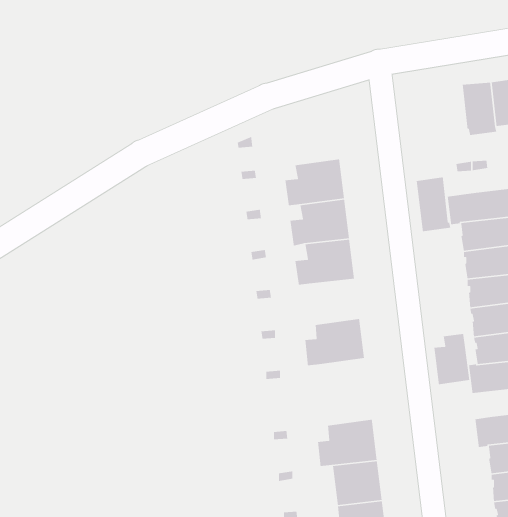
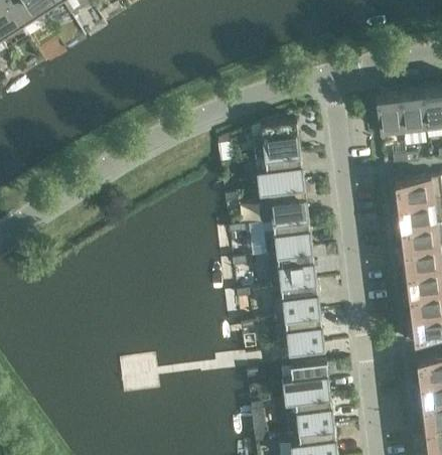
building: none -> [252,118,300,160]
building: [416,177,451,232] -> [376,95,404,139]
building: none -> [268,251,316,288]
building: [433,333,470,385] -> none
building: none -> [284,314,324,351]

